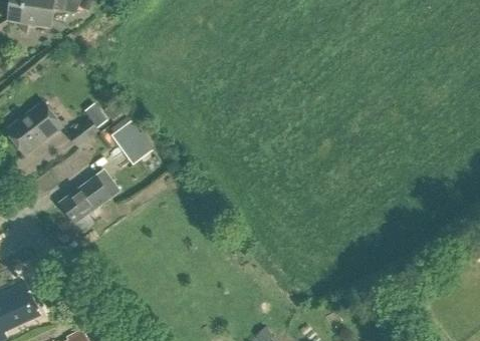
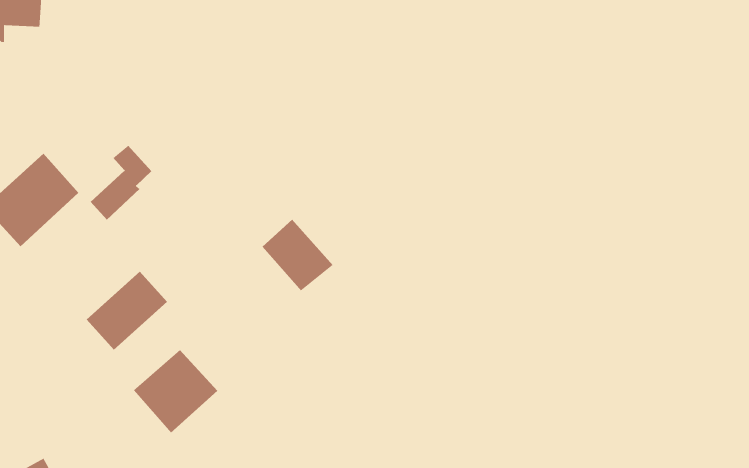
building: [111,120,154,164] -> [261,219,333,292]
building: none -> [133,349,218,433]

